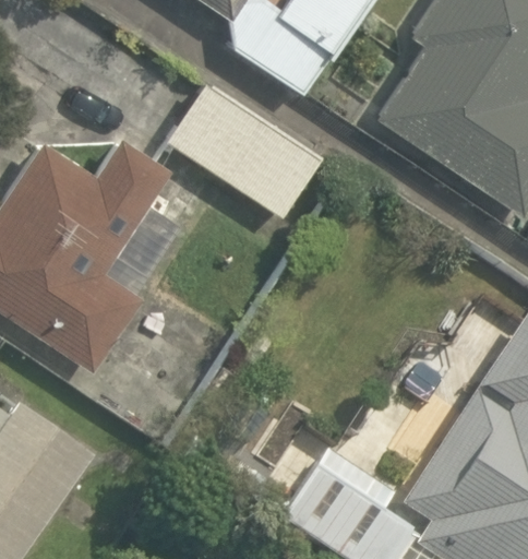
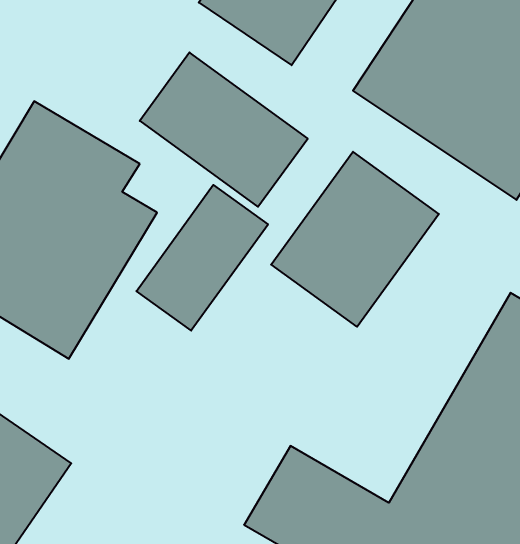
building: none -> [271,152,439,327]
building: none -> [136,185,268,331]

